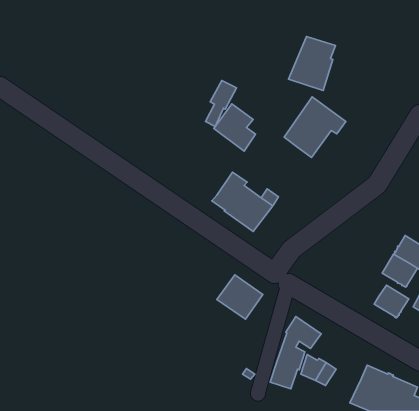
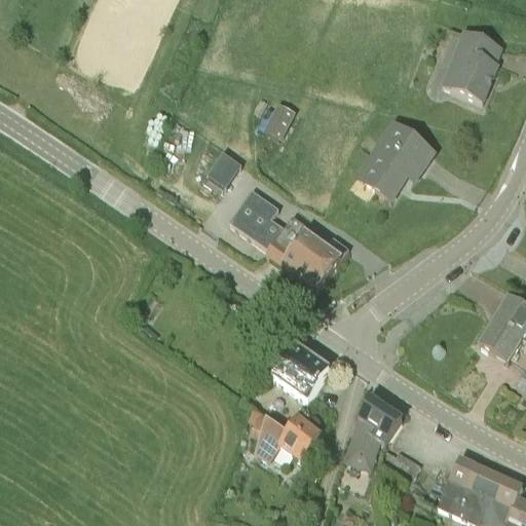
building: [289,36,335,91] -> [440,32,498,100]
building: [214,104,256,151] -> [234,185,287,245]
building: none -> [212,149,247,186]
building: [374,285,409,318] -> none
building: none -> [248,405,318,459]

